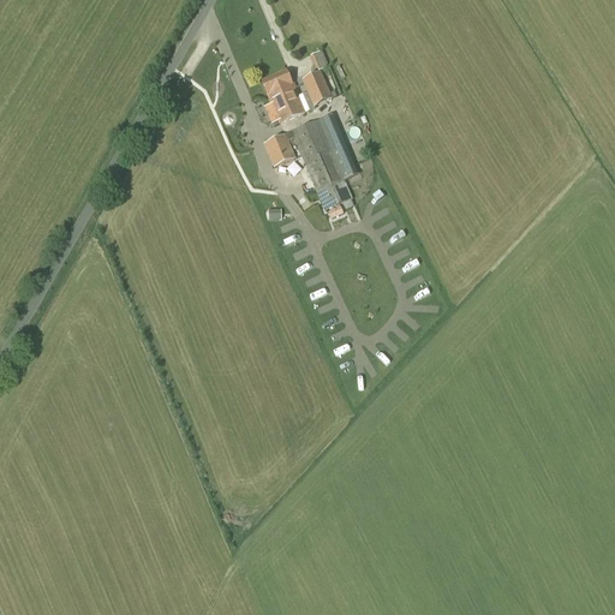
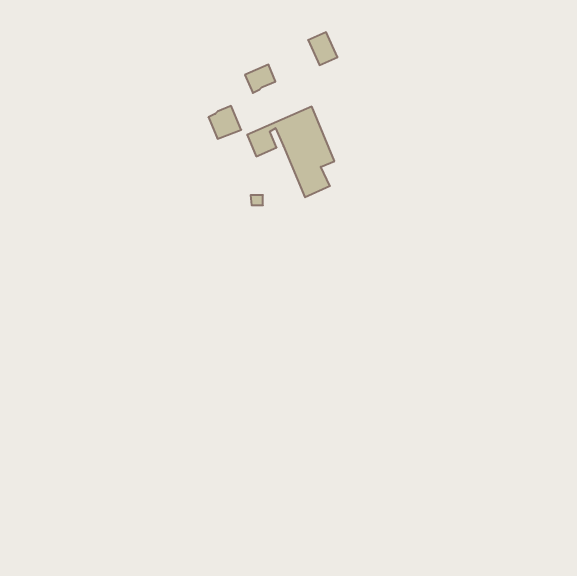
building: [299,70,330,105] -> [308,32,338,65]
building: [268,86,303,121] -> [208,106,241,139]

